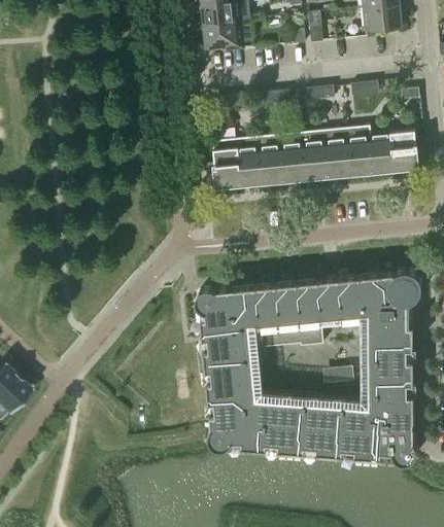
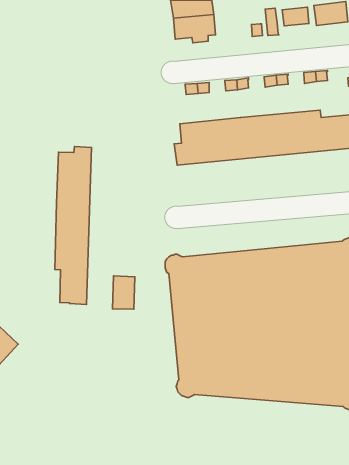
building: none -> [282,7,309,26]
building: none -> [55,147,91,305]
building: none -> [112,276,135,309]

